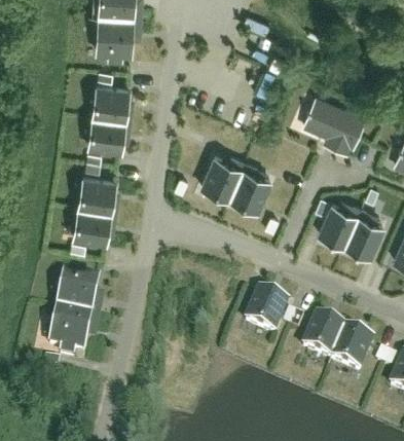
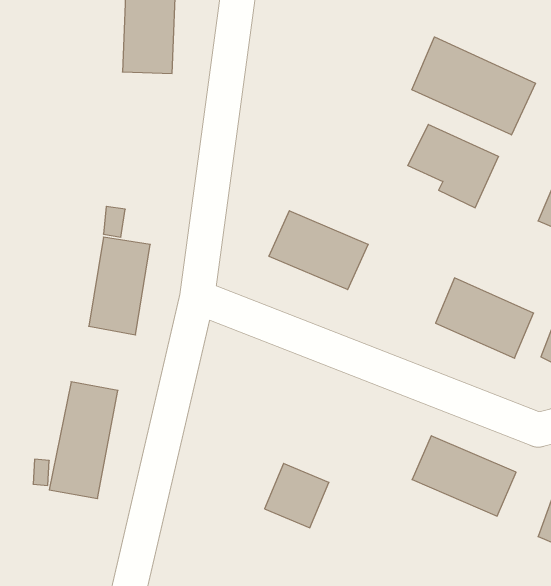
building: none -> [412,37,535,135]
building: [88,86,132,152] -> none
building: [245,289,290,334] -> [265,463,329,528]

